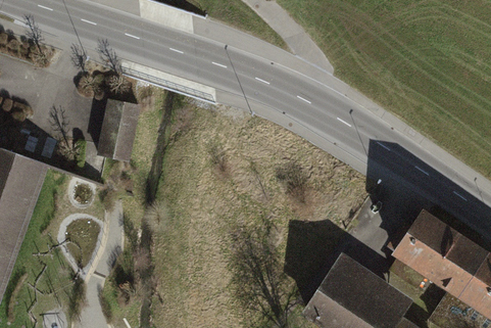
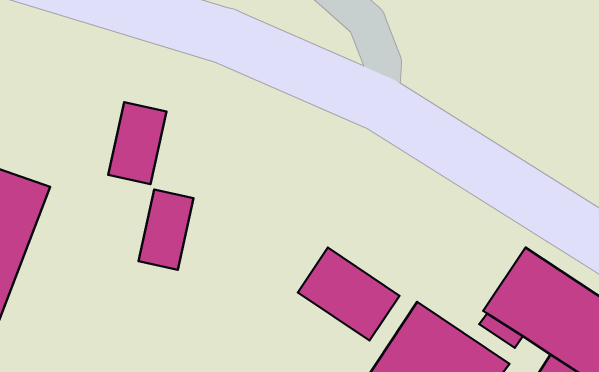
building: none -> [139,190,194,270]
building: none -> [298,248,399,340]

